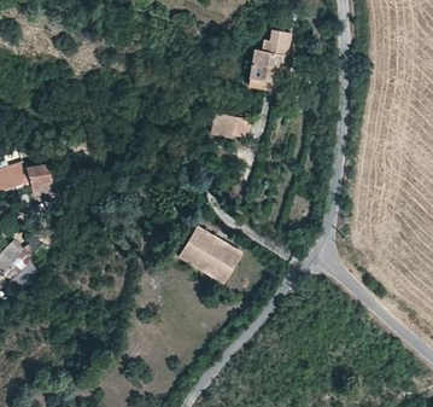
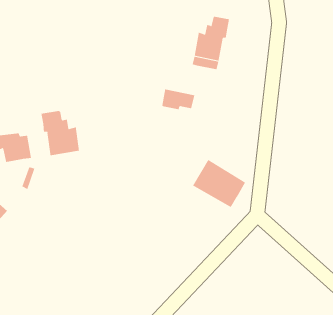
building: none -> [41,110,79,156]
building: [179,226,240,281] -> [192,159,246,208]

